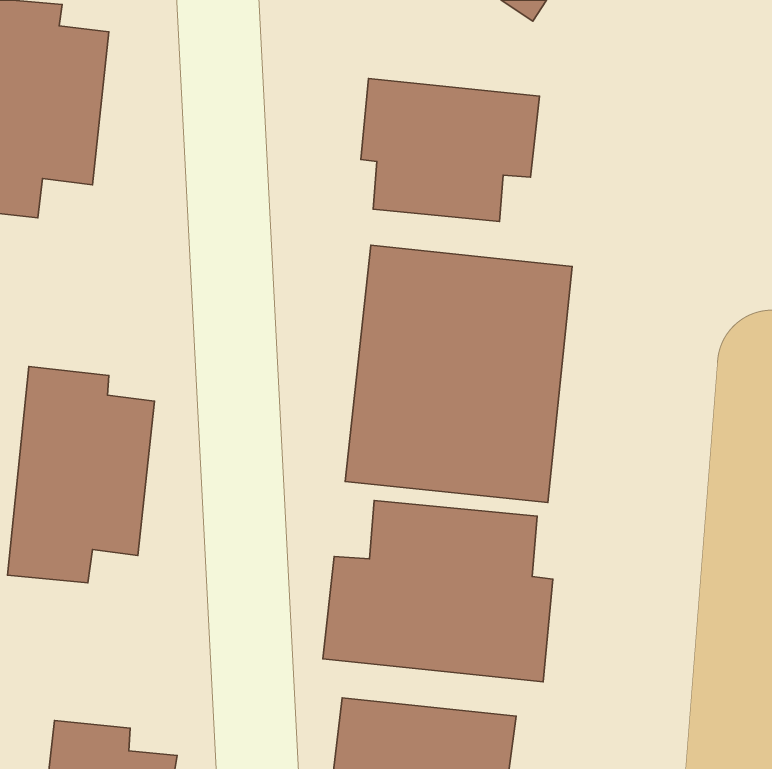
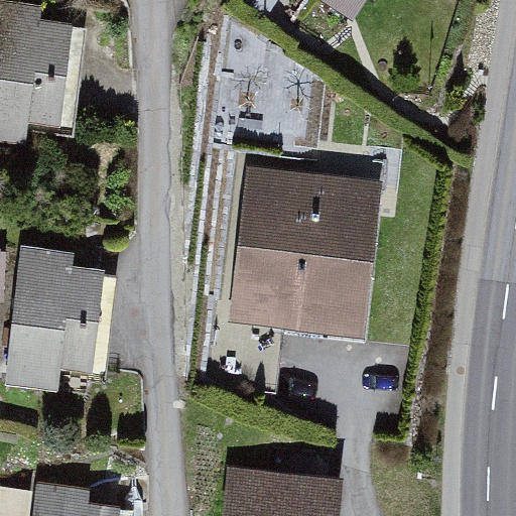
building: [361,78,539,221] -> none
building: [323,500,553,682] -> none

